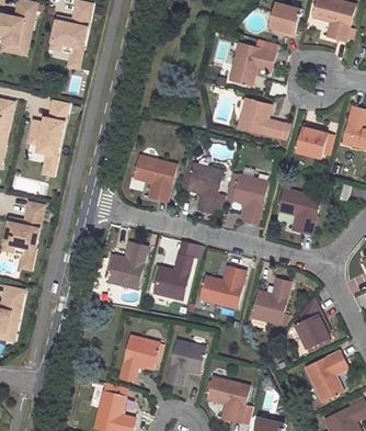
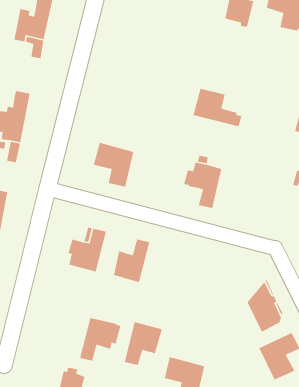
building: [228,42,274,84] -> none
building: [295,123,327,157] -> none
building: [181,162,224,212] -> none
building: [277,186,319,232] -> none
building: [199,265,245,307] -> none
building: [250,277,289,324] -> none

